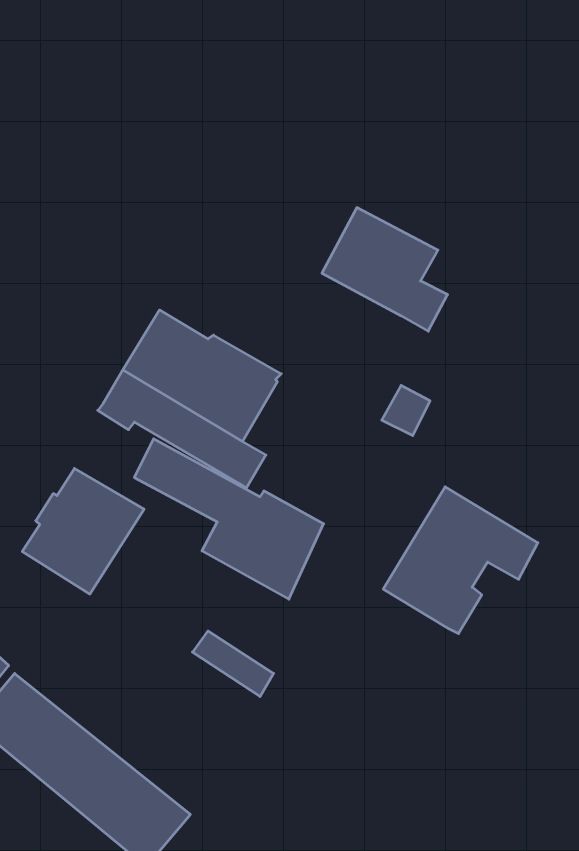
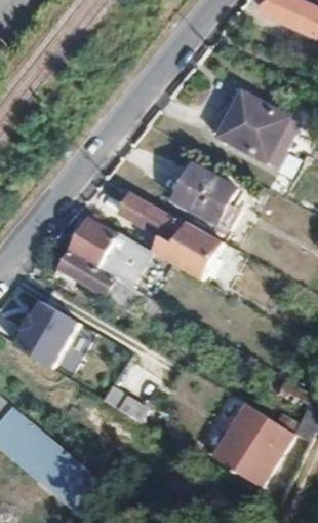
building: none -> [216,90,287,160]
building: [134,439,324,599] -> [116,192,216,277]
building: [383,487,538,634] -> [211,404,293,482]

